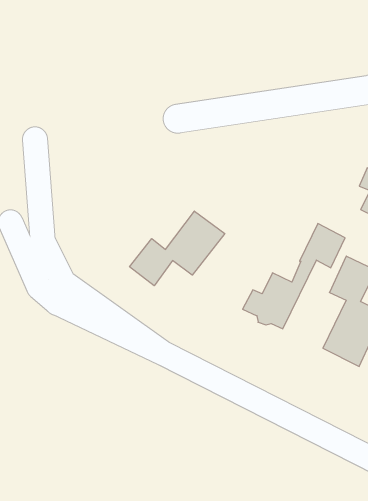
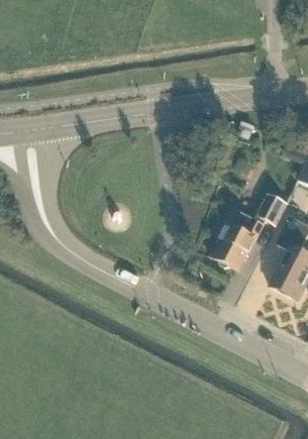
building: [130,211,225,286] -> none

